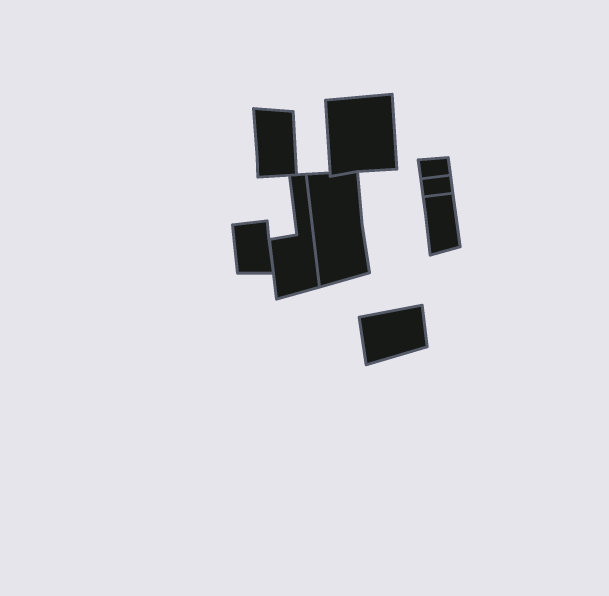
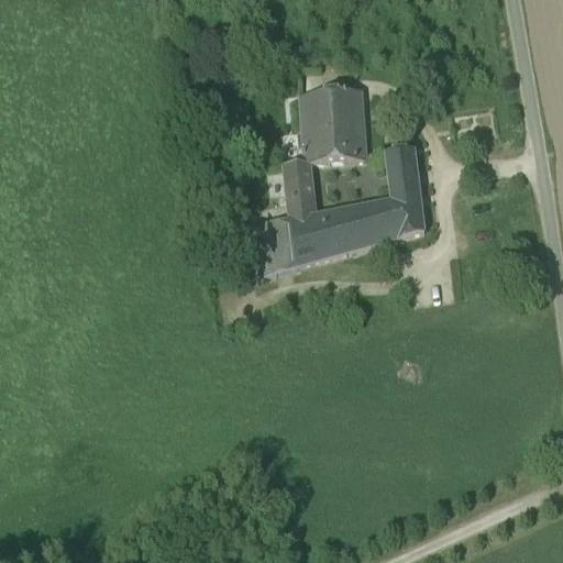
building: [254,109,297,177] -> none
building: [232,221,273,273] -> none
building: [359,305,427,365] -> [334,197,397,252]

